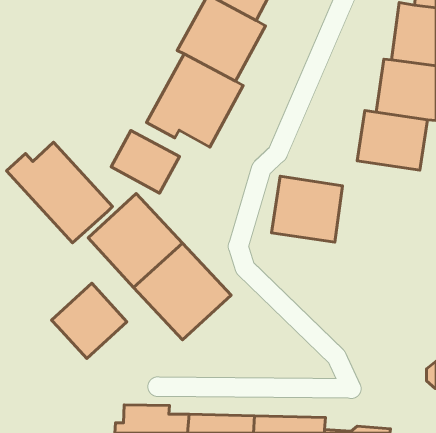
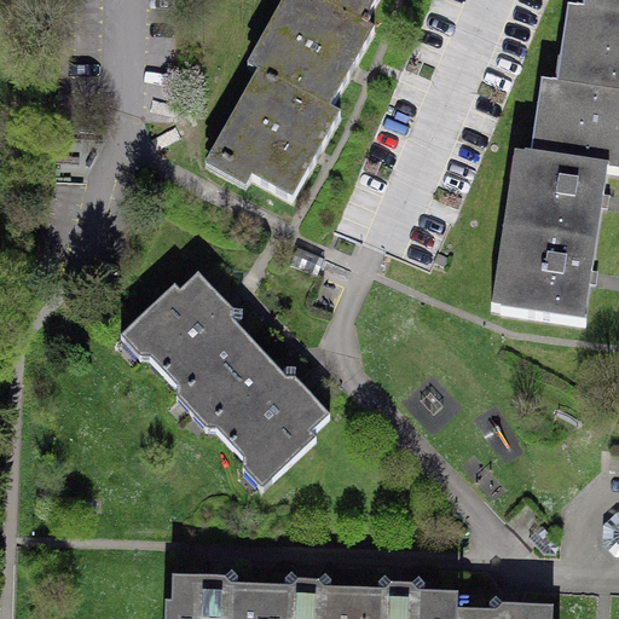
building: [111,130,179,193] -> none
building: [6,142,113,243] -> none
building: [271,176,343,242] -> [492,227,592,320]
building: [52,283,127,358] -> none

